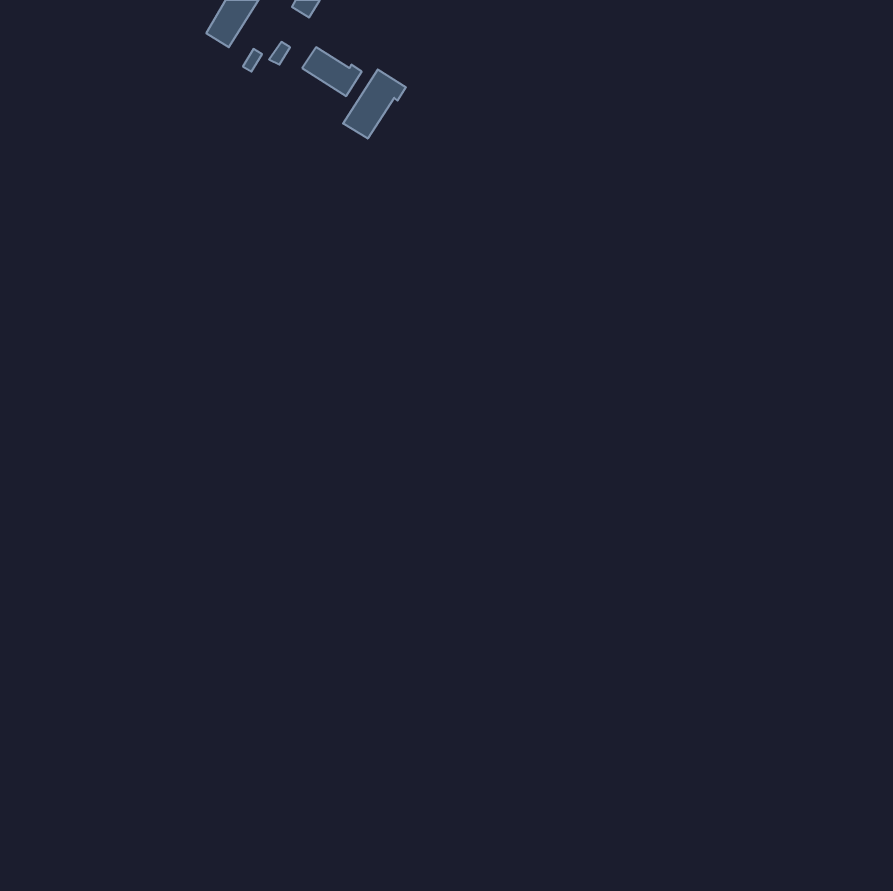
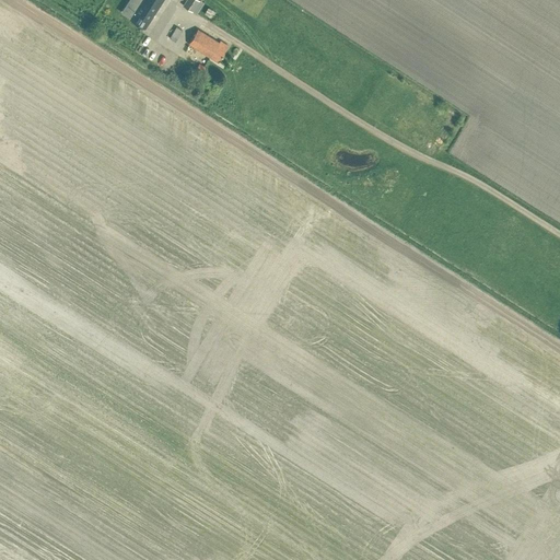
building: [343,69,406,139] -> none

